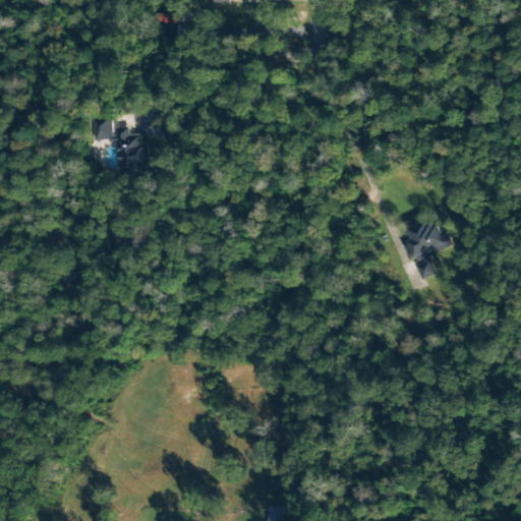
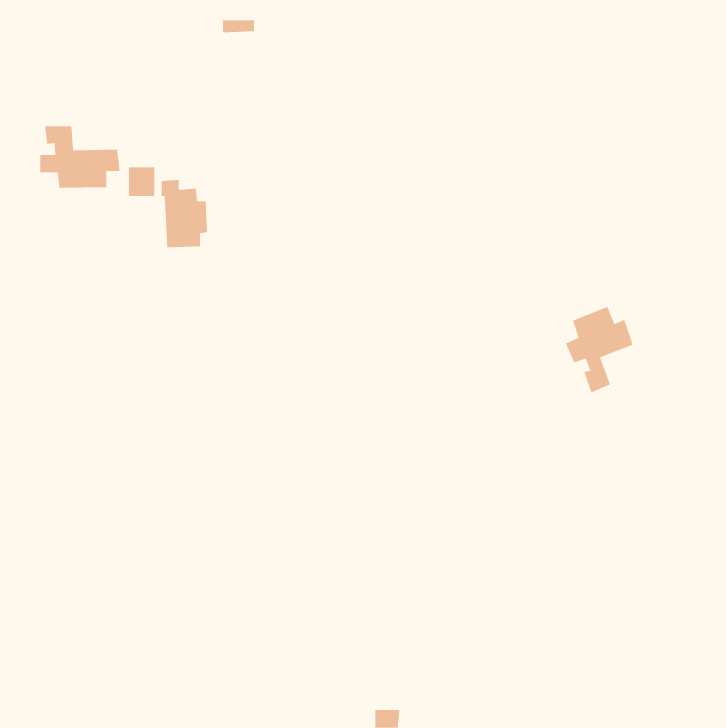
building: none -> [40,125,120,189]

